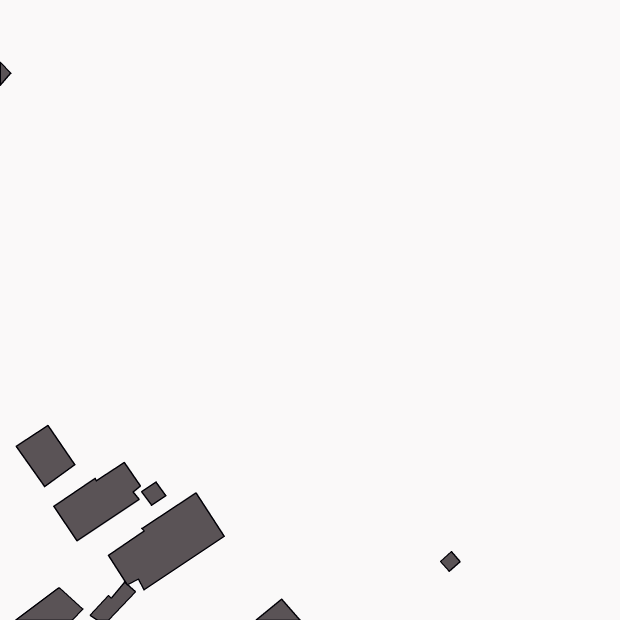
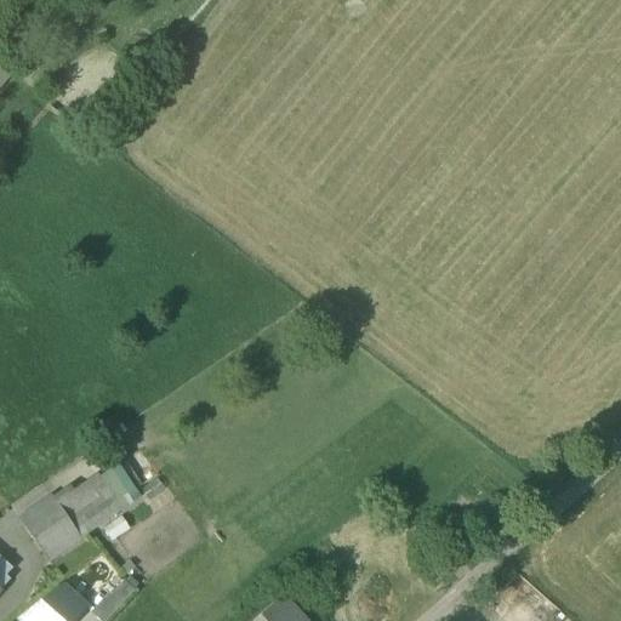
building: [16,426,75,487] -> [22,498,80,559]
building: [108,493,224,590] -> none

